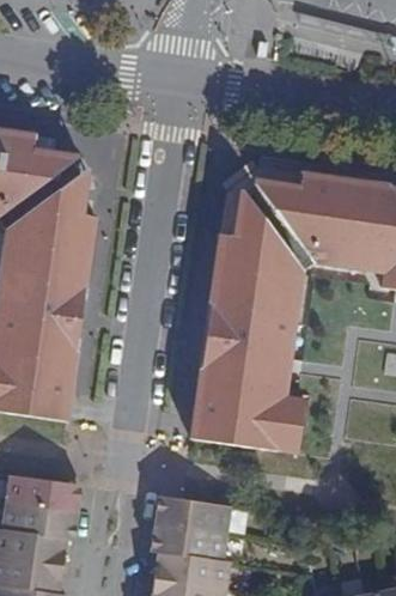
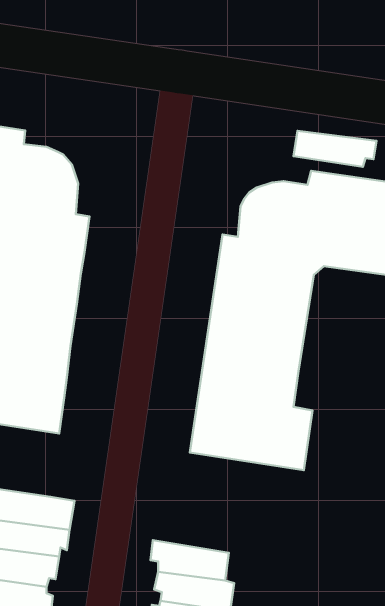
building: none -> [294,131,376,167]
building: [154,495,230,533] -> none

